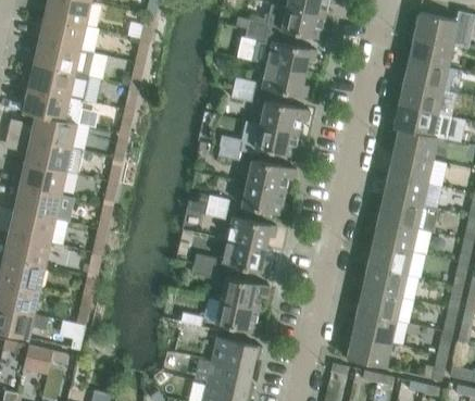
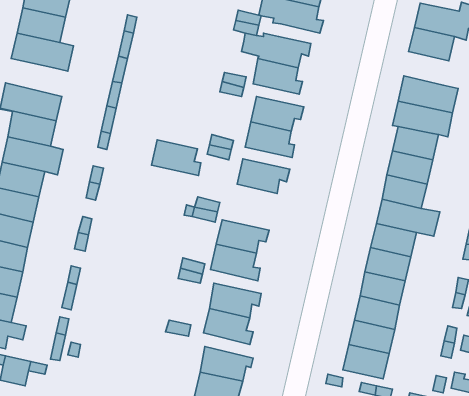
building: [404,59,447,90] -> none
building: [28,65,87,101] -> none
building: [241,184,288,217] -> [151,140,201,175]

